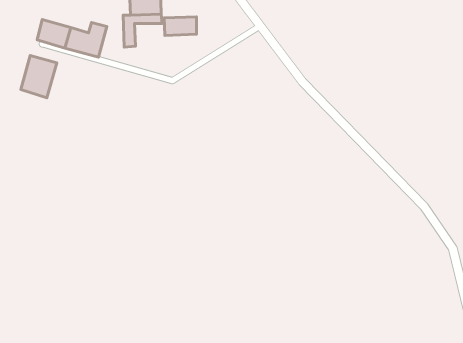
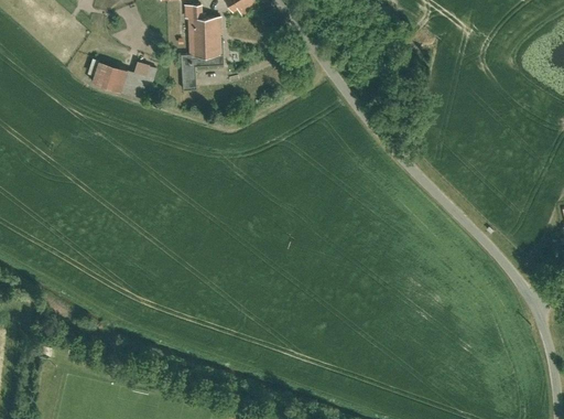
building: [164,17,197,36] -> none
building: [21,56,57,98] -> none

